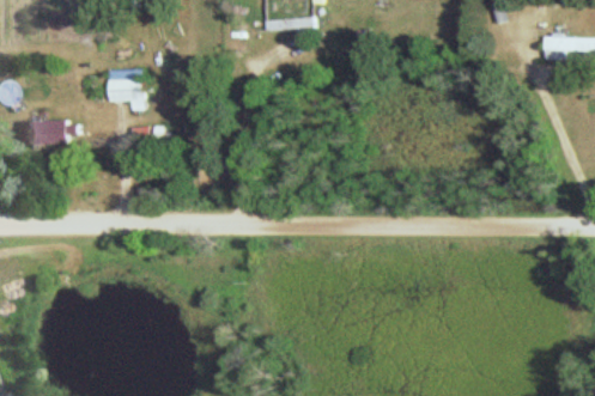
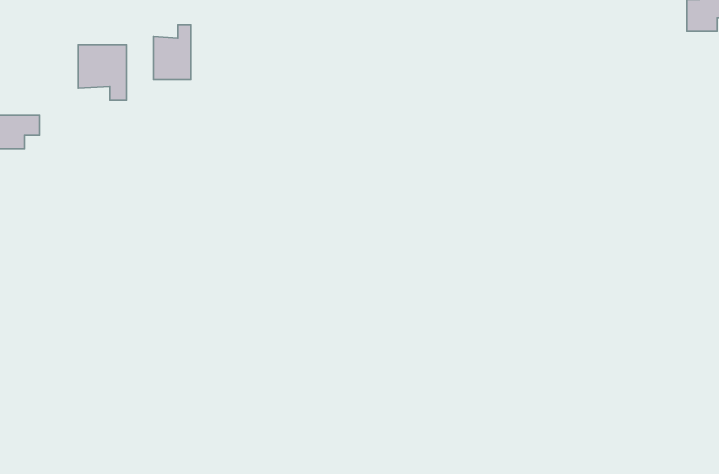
building: none -> [154,25,191,80]

